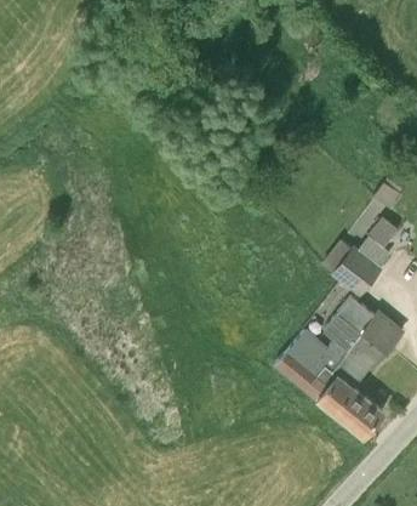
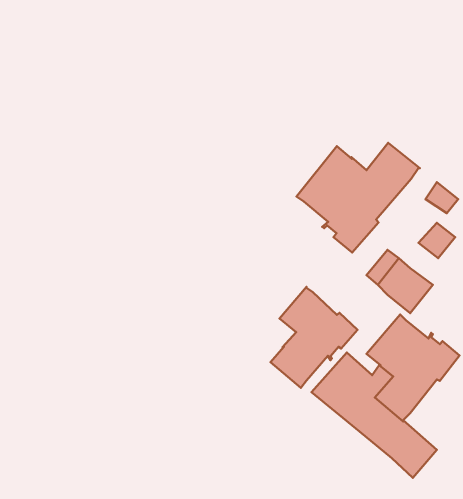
building: none -> [297,143,420,253]
building: none -> [270,287,357,388]

